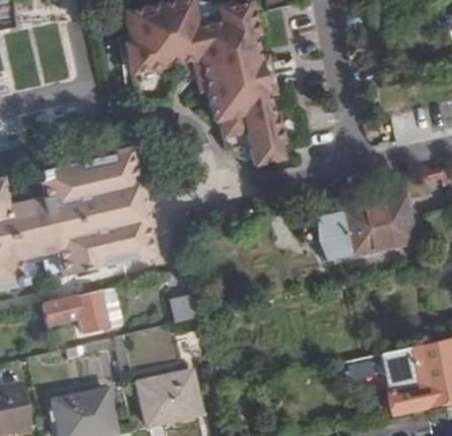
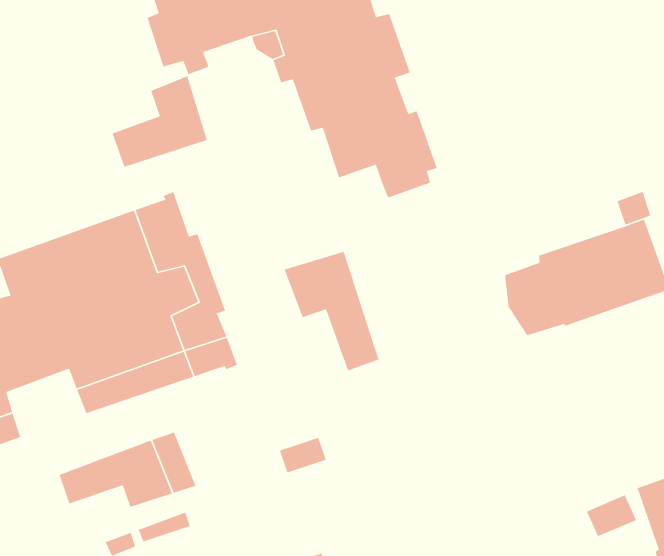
building: none -> [112,75,208,168]
building: none -> [283,251,380,371]

